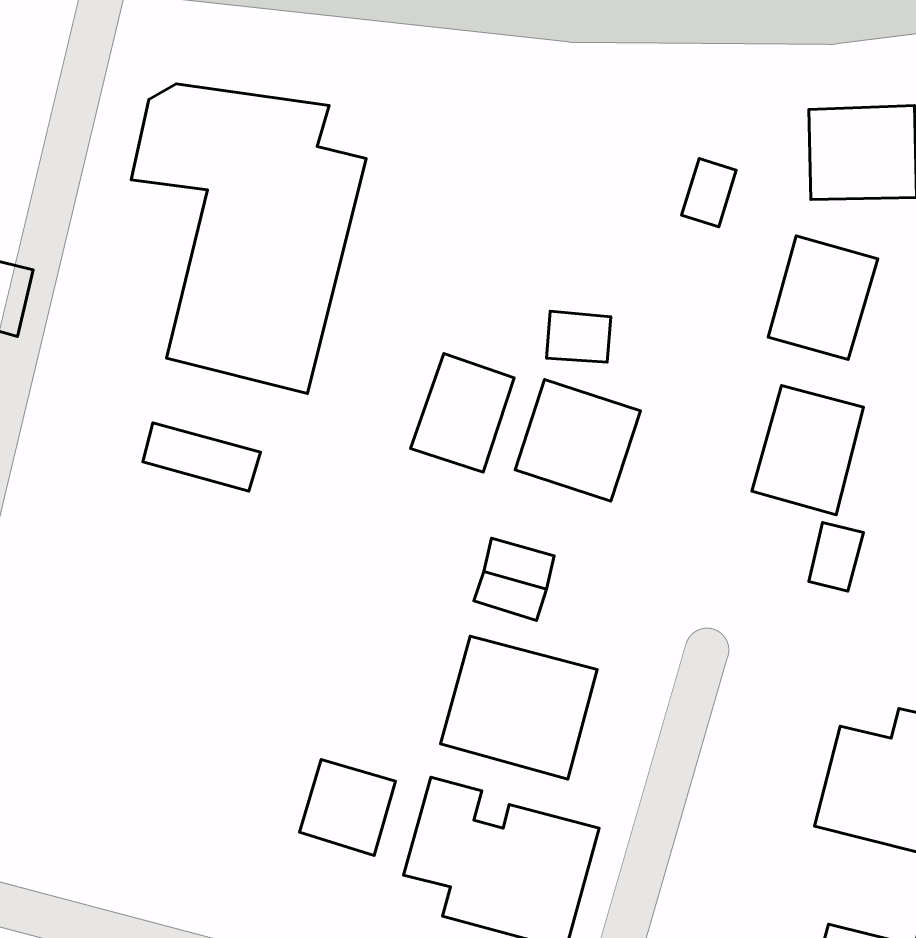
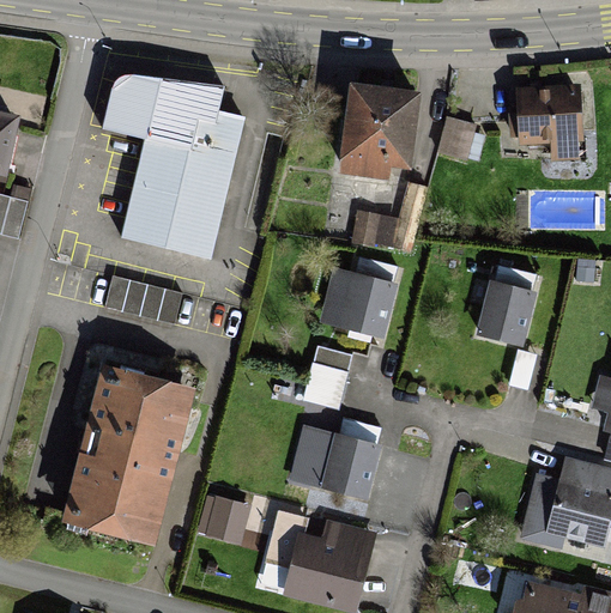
building: none -> [339,89,412,177]
building: [768,236,878,359] -> none
building: [411,354,514,472] -> none
building: none -> [65,372,192,544]

